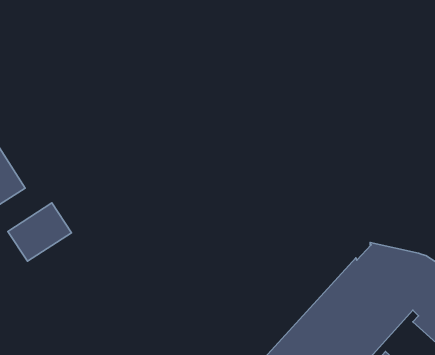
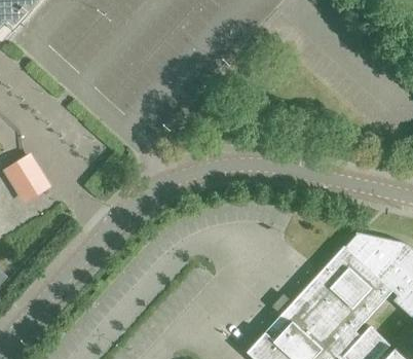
building: [8,203,71,261] -> none

